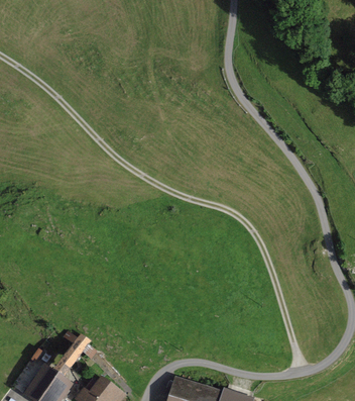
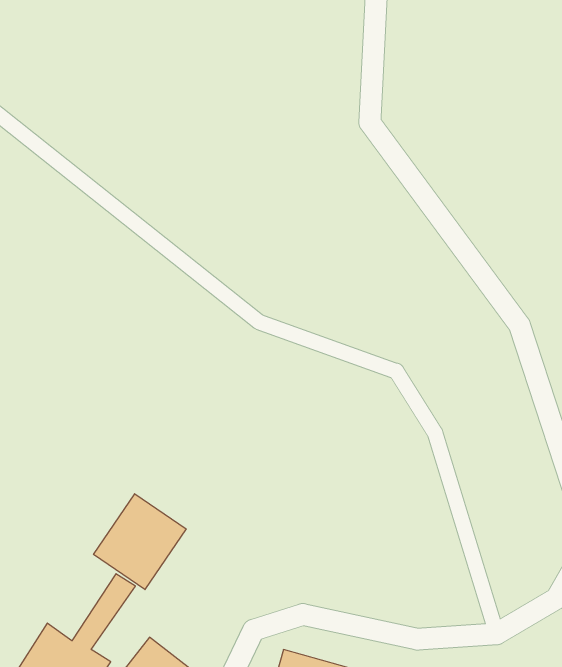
building: none -> [94,494,186,590]

